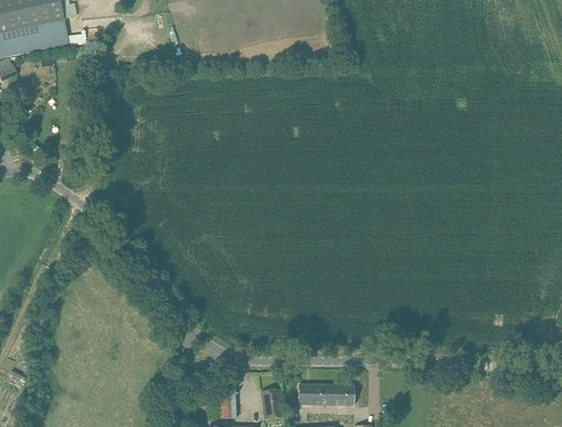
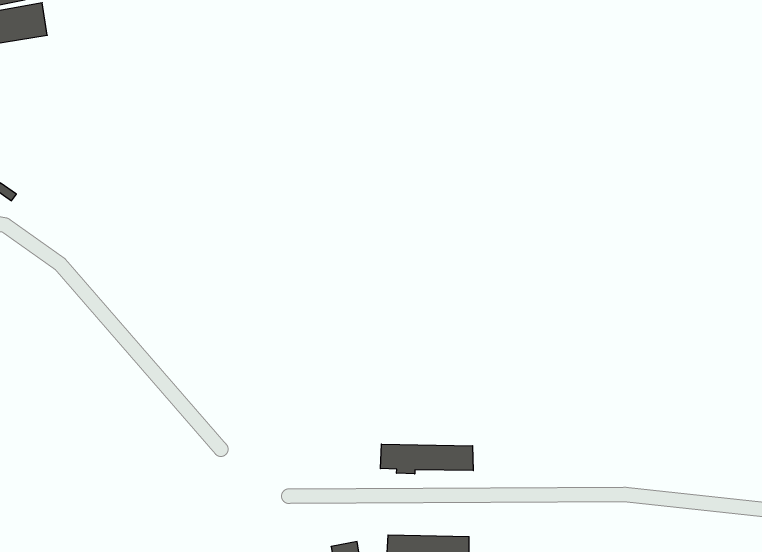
building: none -> [380,444,473,474]

